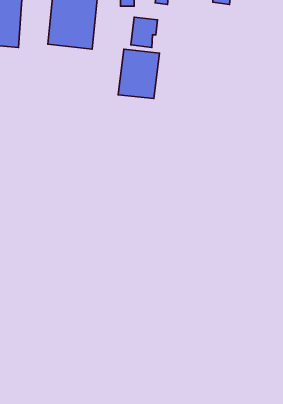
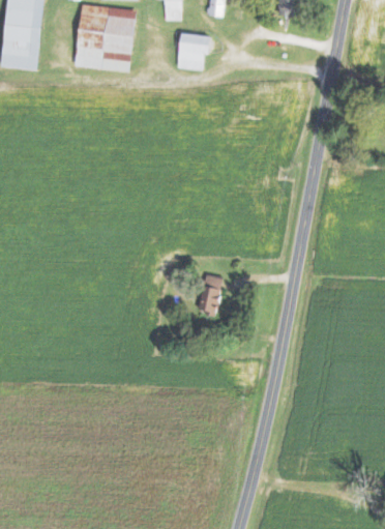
building: [118,49,159,99] -> none
building: none -> [198,272,224,313]

